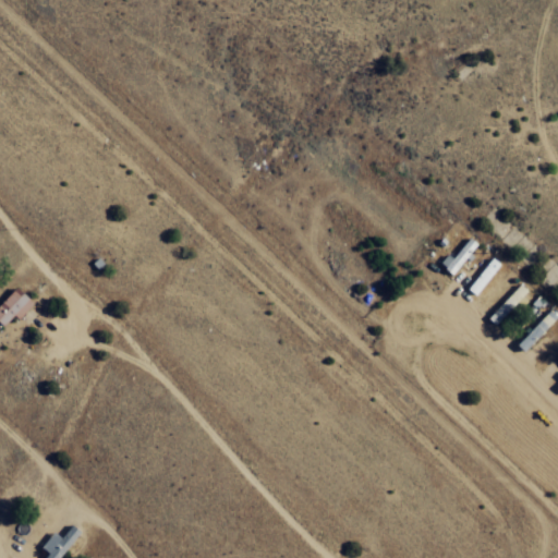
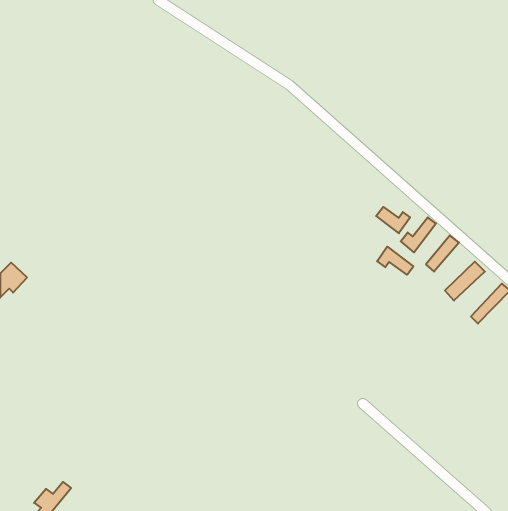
building: none -> [376,207,410,233]
building: none -> [377,247,413,275]

